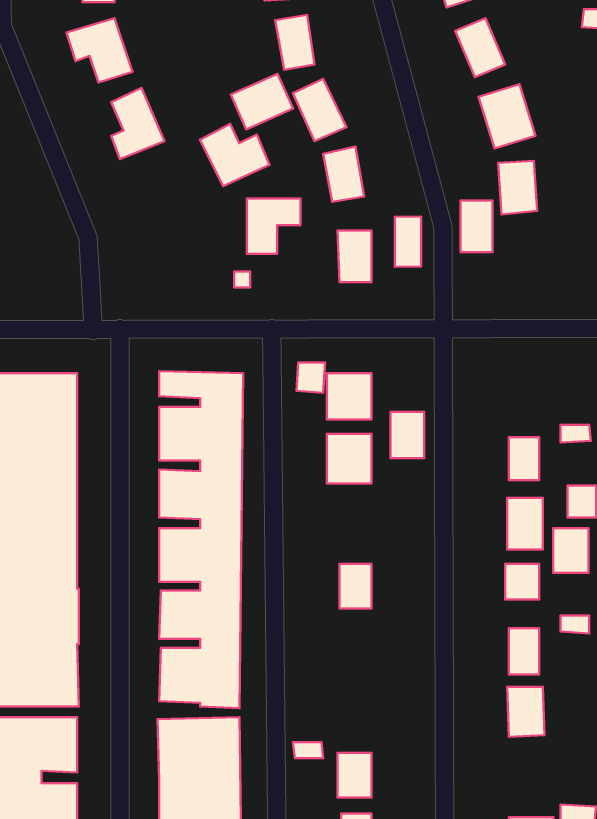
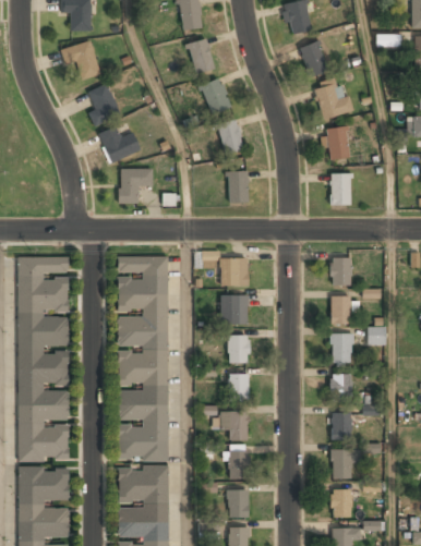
building: [231,74,293,129] -> none
building: [200,124,269,186] -> [97,125,140,163]
building: [247,198,300,254] -> [119,170,152,204]
building: [460,200,493,252] -> [330,173,350,205]
building: [395,217,421,267] -> none
building: none -> [330,257,350,286]
building: [390,412,424,458] -> [227,335,248,363]
building: [553,528,589,573] -> none
building: none -> [217,410,248,439]
building: none -> [229,450,249,478]
building: none -> [330,489,350,518]

